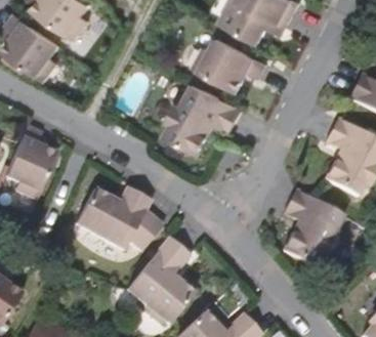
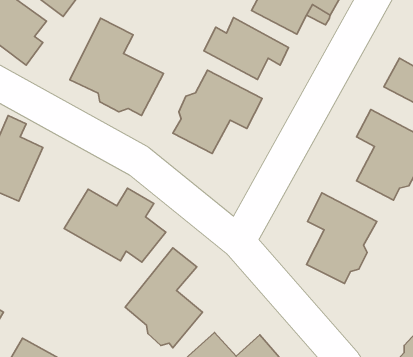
building: none -> [70,18,164,116]

